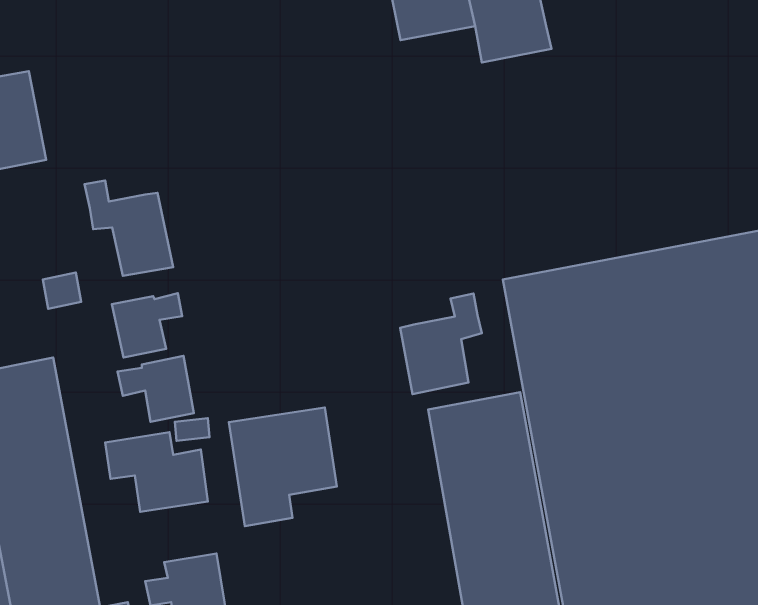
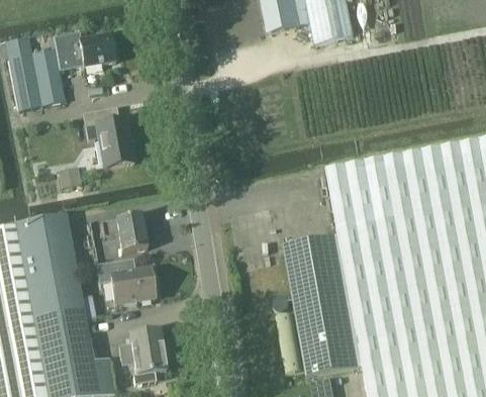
building: none -> [55,32,114,67]
building: [112,293,182,357] -> none
building: [400,293,482,394] -> none
building: [229,408,337,526] -> none

